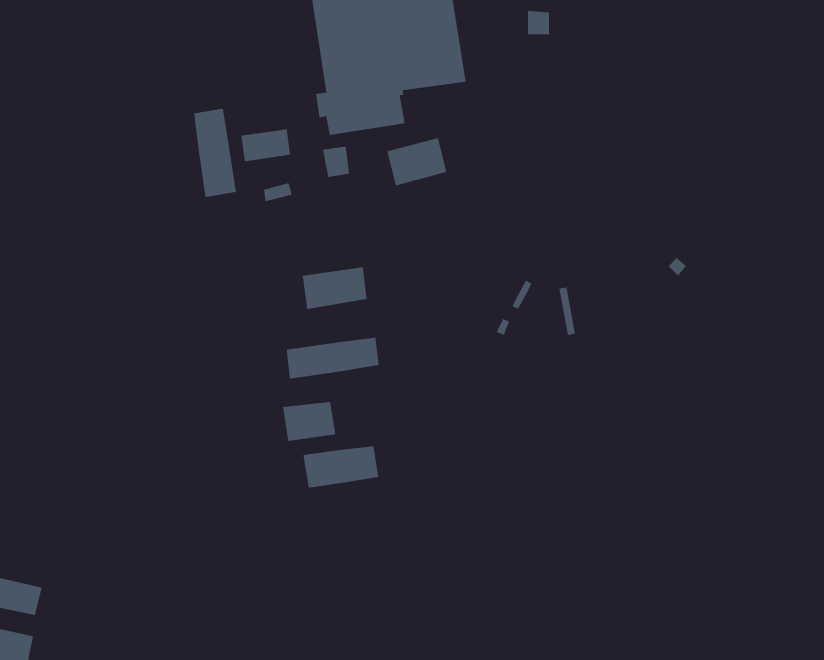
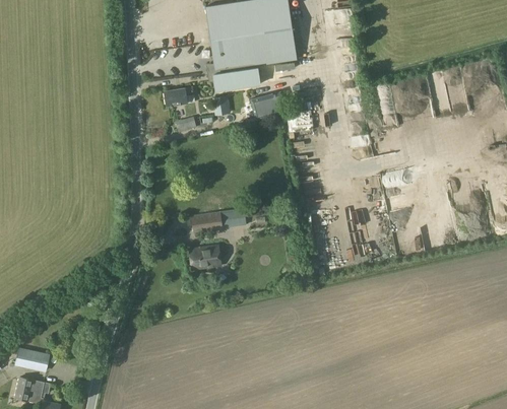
building: [194,108,236,198] -> none
building: [302,267,367,310] -> none
building: [303,446,379,488] -> none

